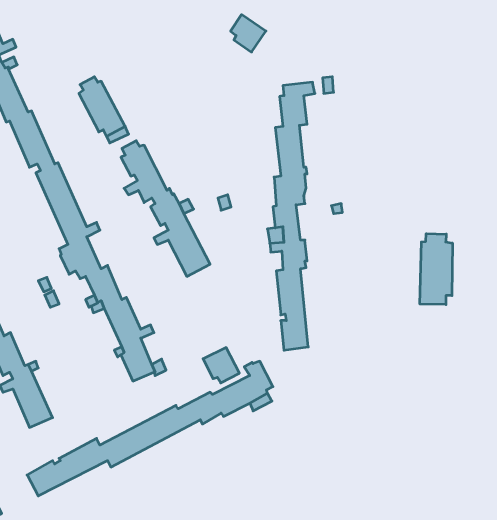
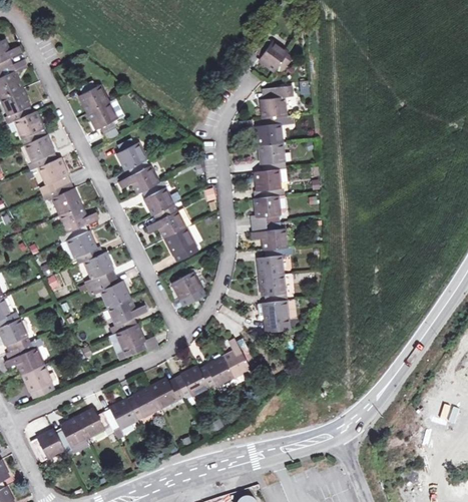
building: [231,15,266,52] -> [256,37,288,71]
building: [420,234,452,305] -> none
building: [203,348,239,383] -> [171,272,204,304]

